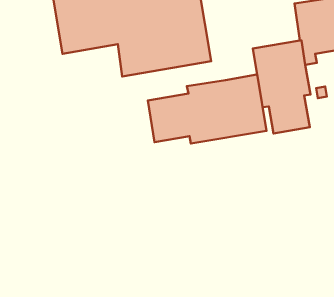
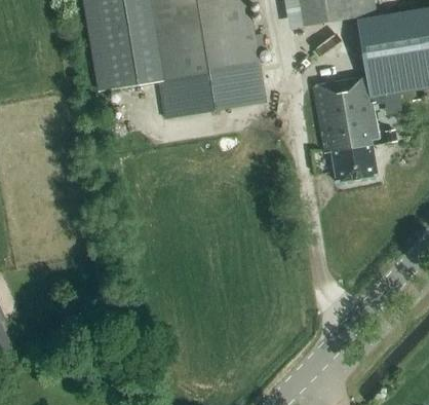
building: [148,74,266,144] -> none

